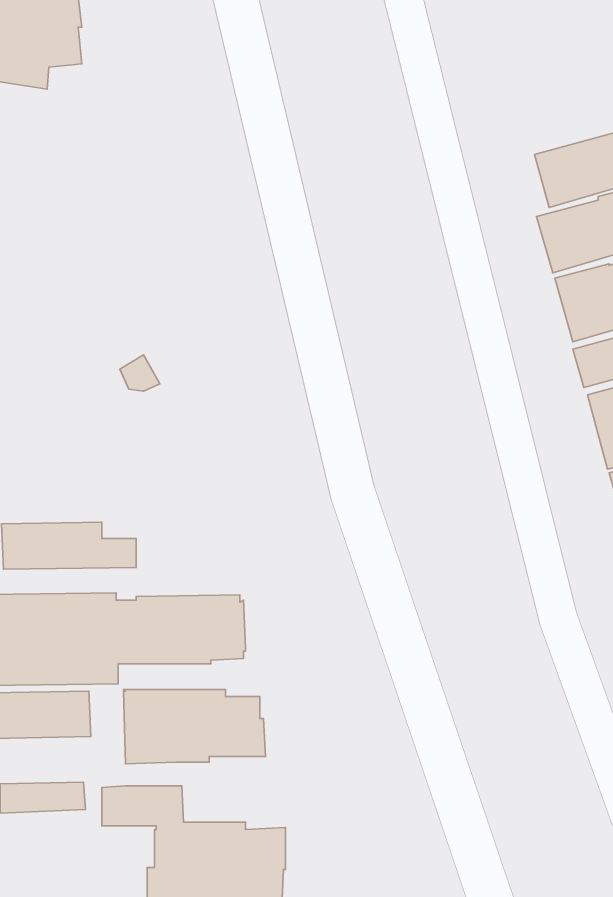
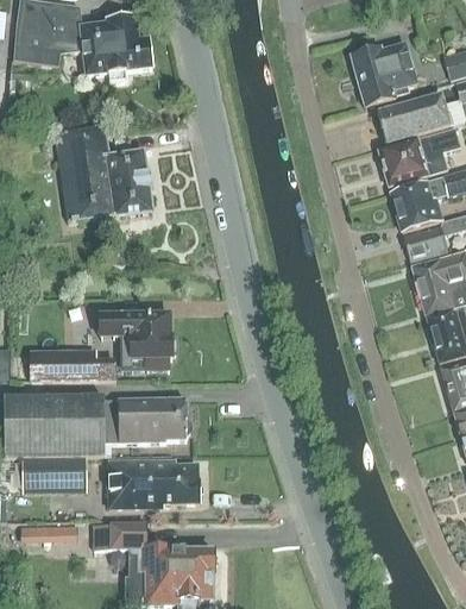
building: none -> [77,15,151,81]
building: none -> [350,40,416,105]
building: none -> [55,127,151,220]
building: none -> [102,312,171,366]

